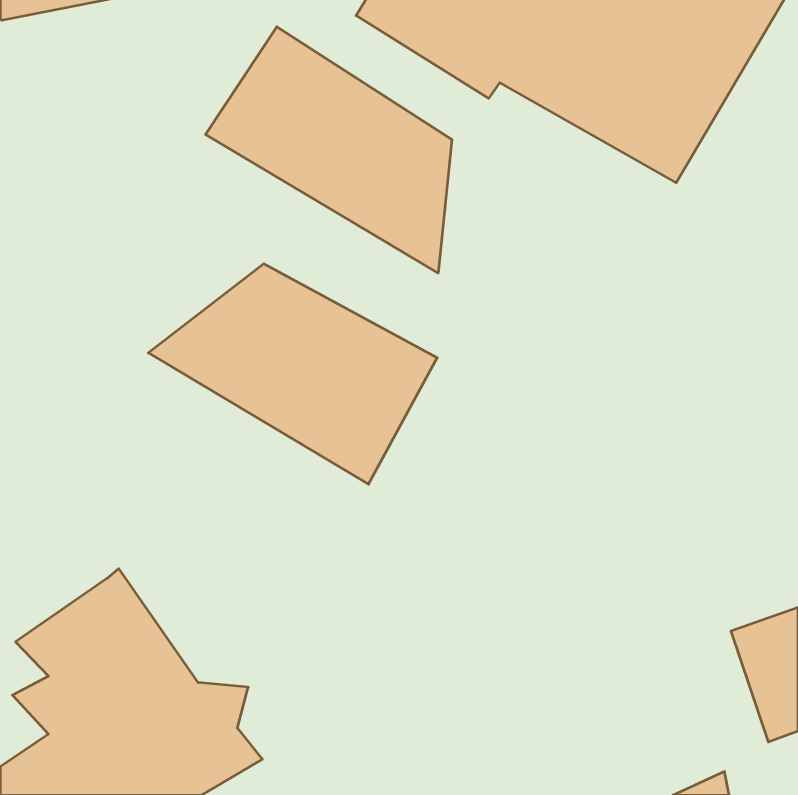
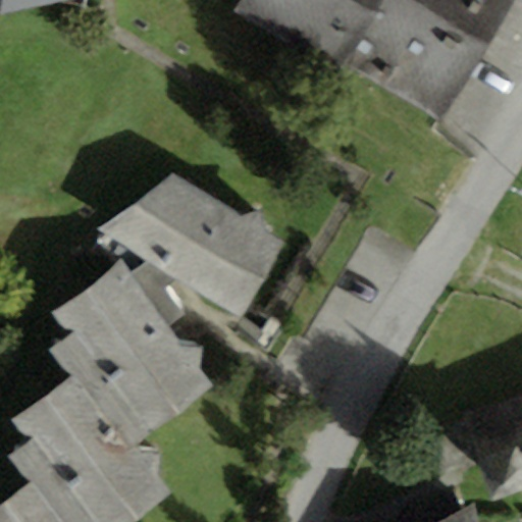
building: [206,27,452,273] -> none
building: none -> [49,263,214,446]

